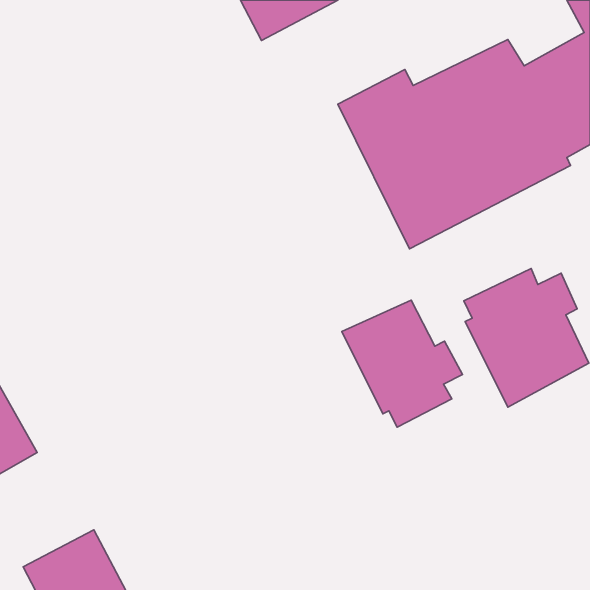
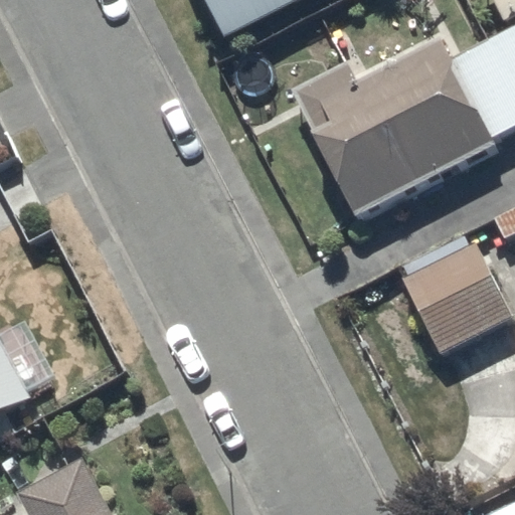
building: [342,300,463,427] -> none

